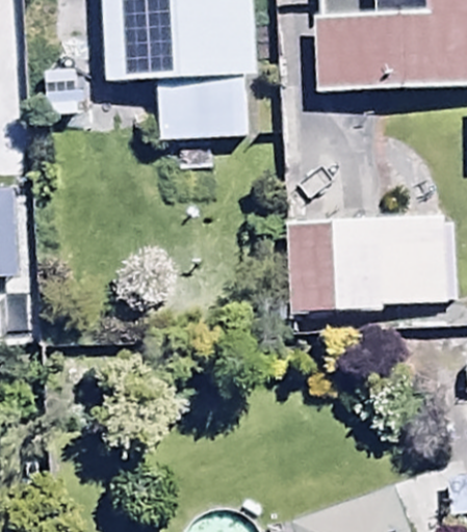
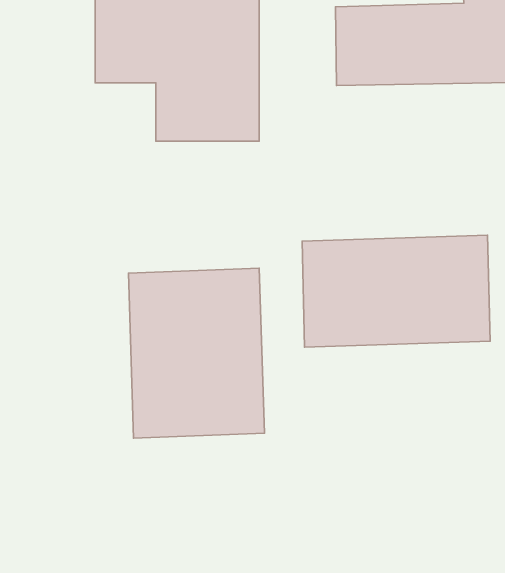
building: none -> [128,268,265,438]

